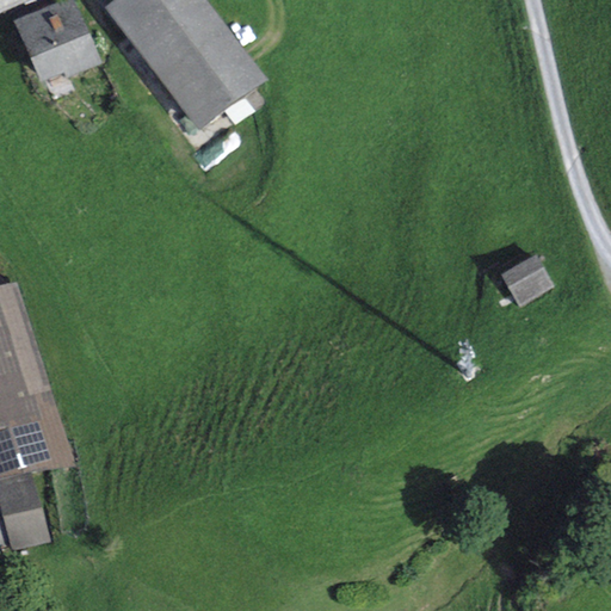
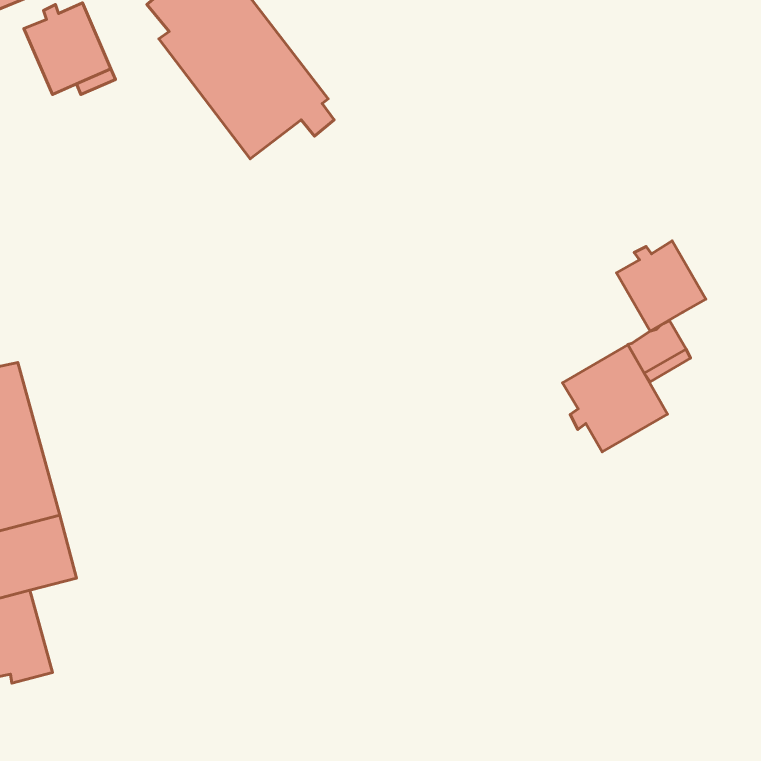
building: none -> [616,241,706,331]
building: none -> [562,345,668,452]

